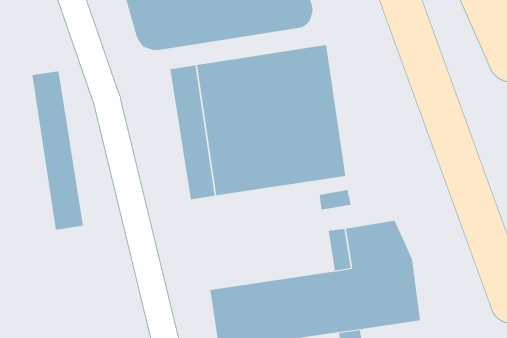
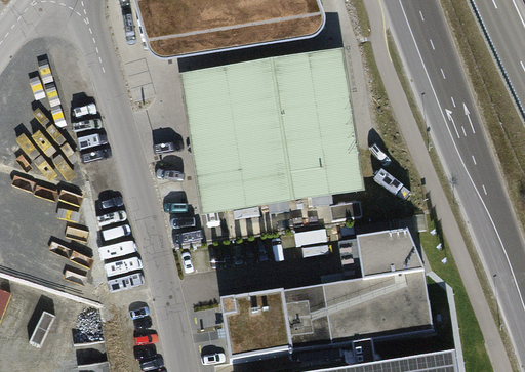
building: [32,70,84,230] -> none

